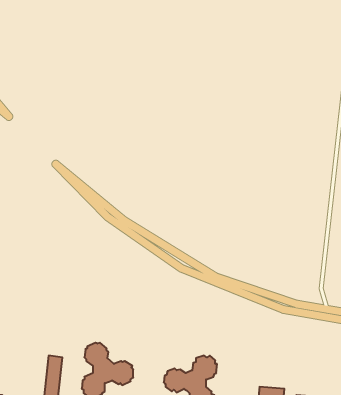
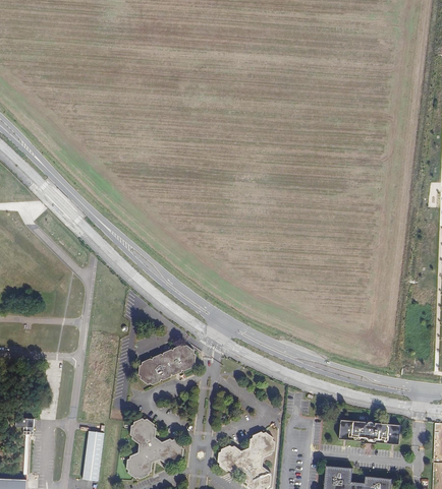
building: none -> [136,344,195,384]
building: none -> [337,421,400,443]

